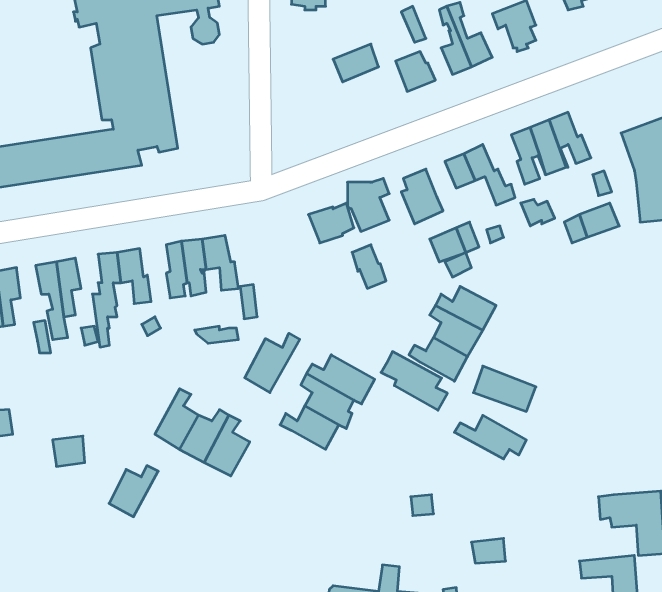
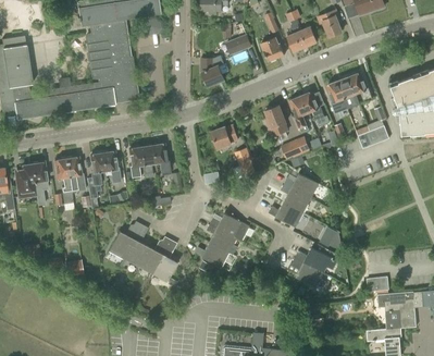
building: [347,178,389,231] -> [200,56,224,86]
building: [245,333,300,393] -> none
building: [381,352,447,410] -> [288,257,326,291]
building: [109,466,158,517] -> [109,229,137,258]

